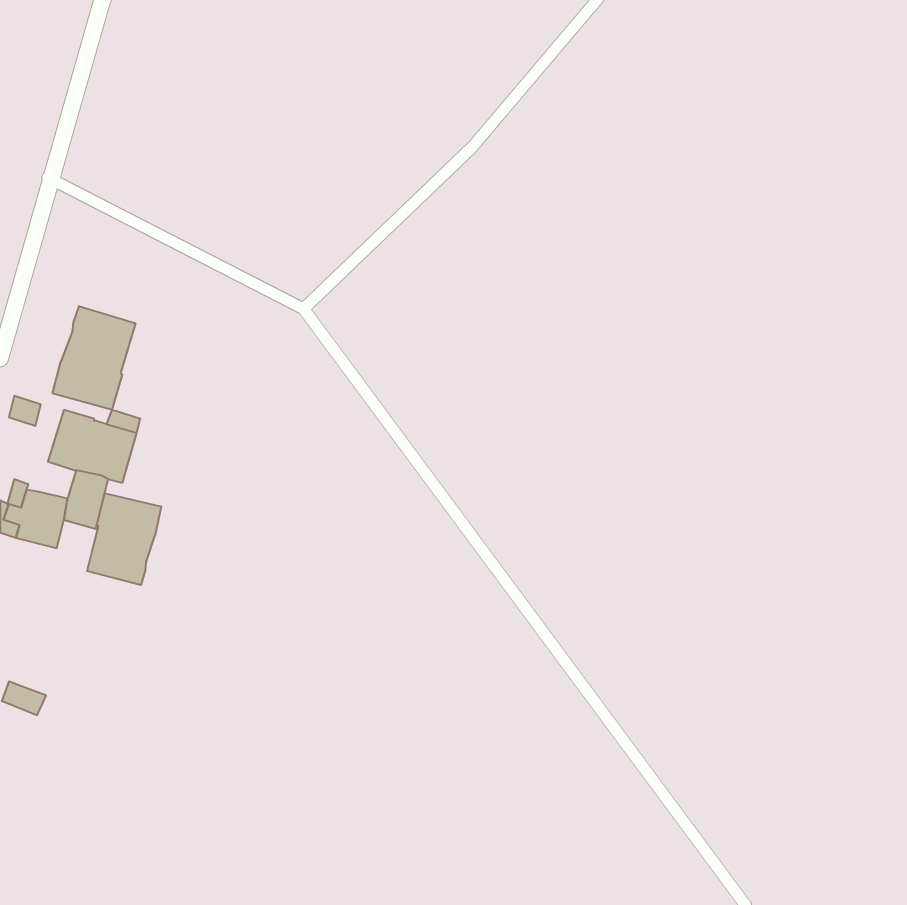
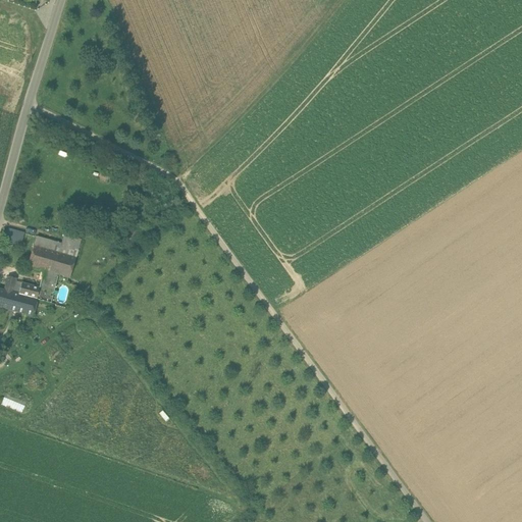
building: [53,306,135,410] -> none
building: [87,493,161,585] -> none

